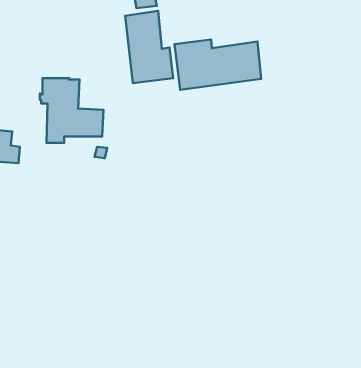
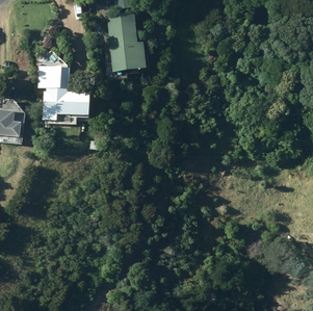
building: [174,40,261,90] -> none

